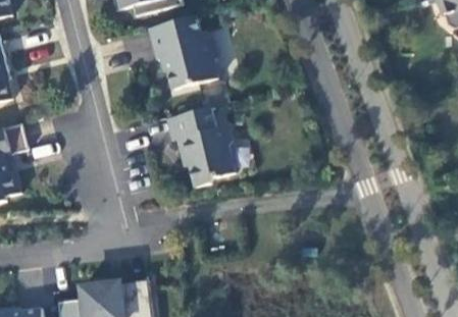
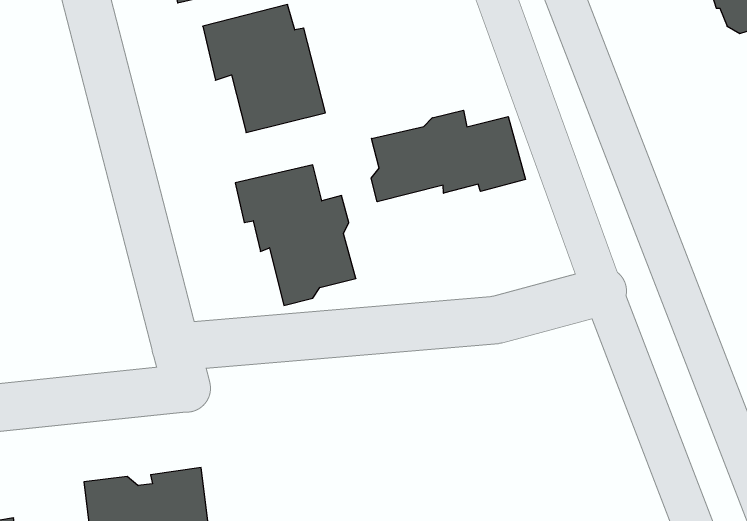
building: none -> [371,110,525,202]

